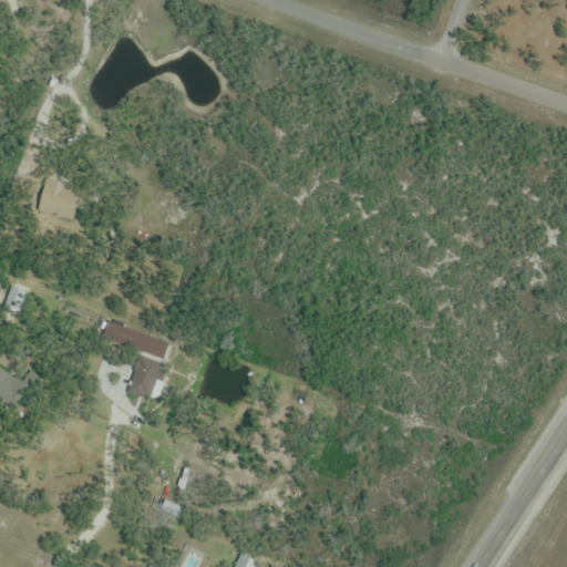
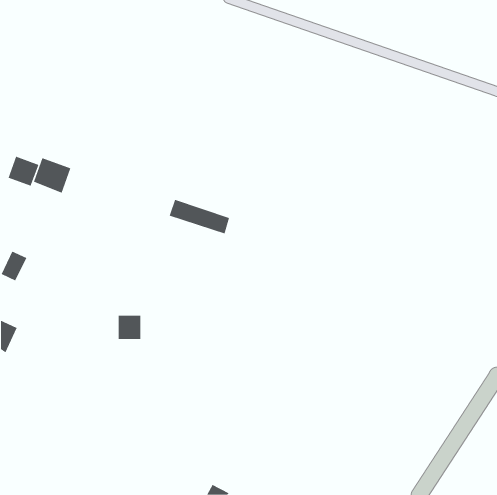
building: none -> [8,156,39,187]
building: [101,320,171,360] -> [169,199,230,234]

